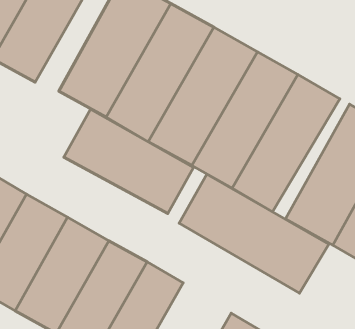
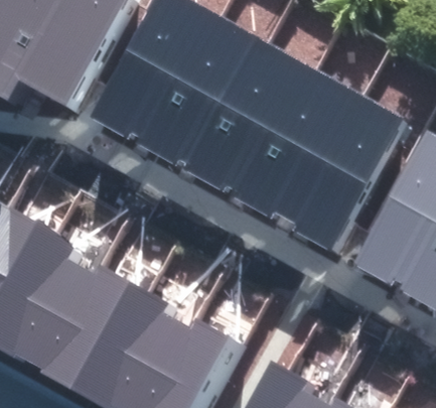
building: [64,109,194,214] -> none
building: [179,174,329,293] -> none

